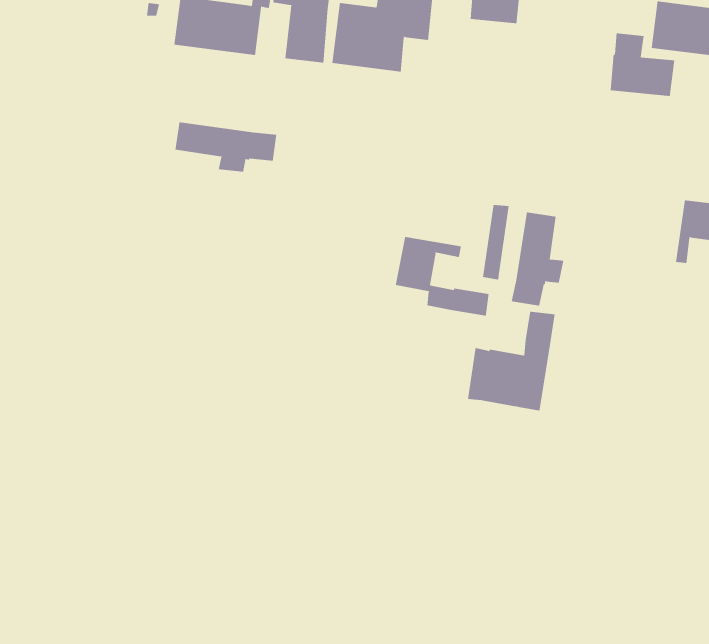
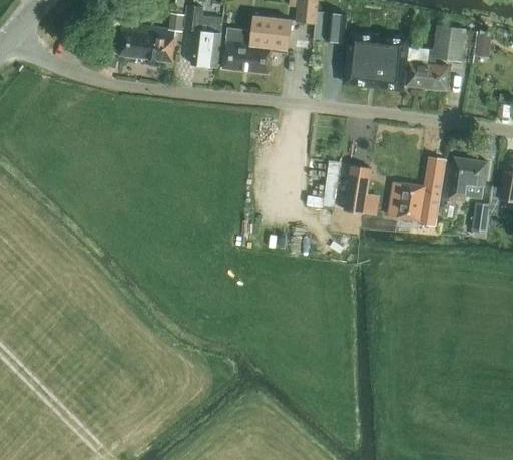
building: none -> [345,38,406,85]
building: [175,121,277,172] -> none
building: [395,236,489,316] -> none
building: [467,311,555,411] -> [388,157,446,223]

